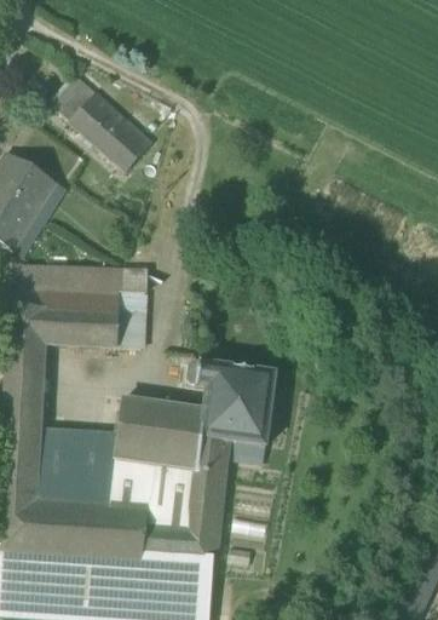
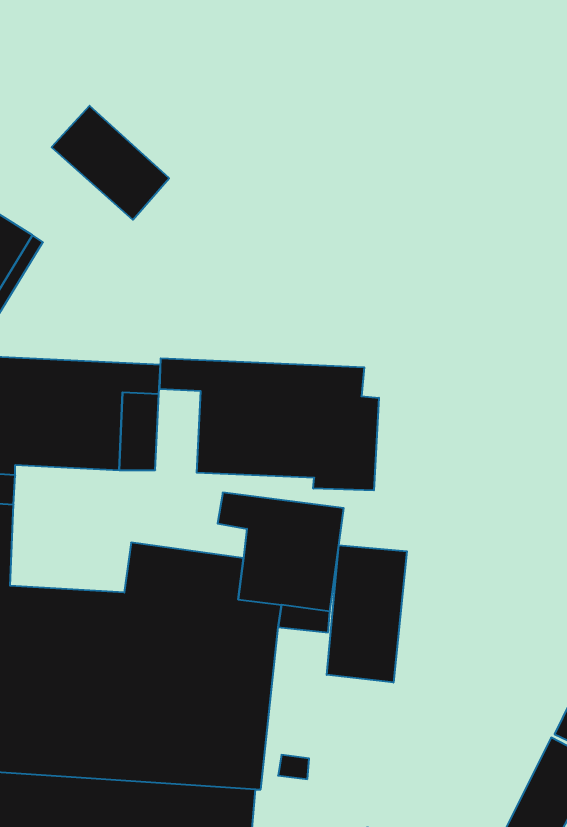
building: [50,73,98,121] -> none
building: none -> [160,358,379,490]
building: none -> [327,545,407,683]

